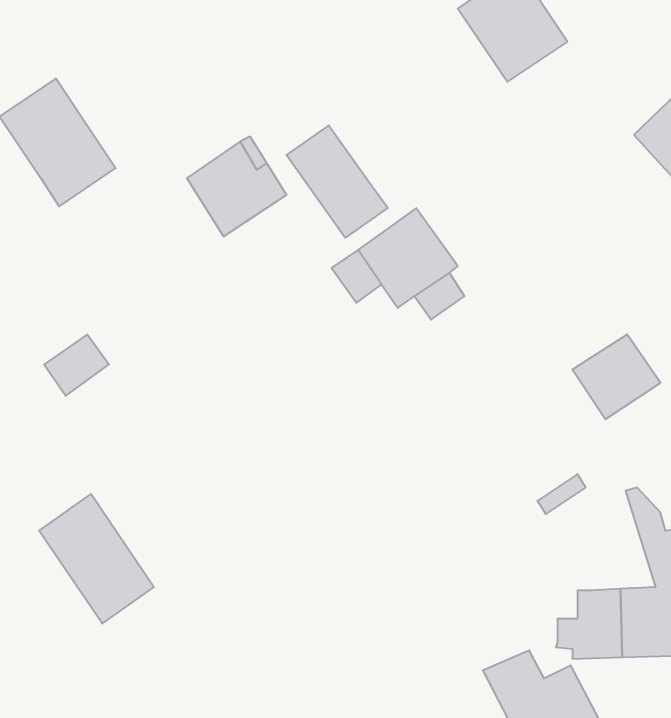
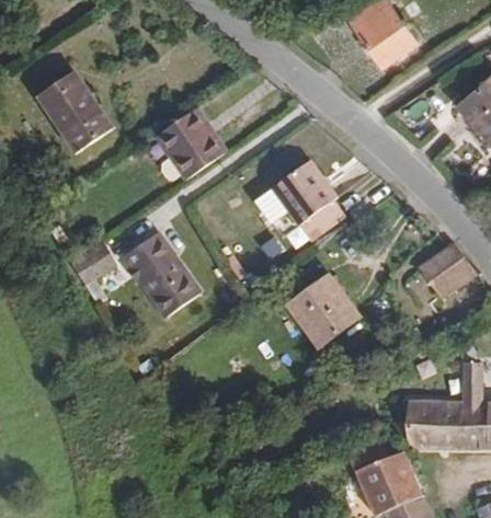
building: [286,125,388,238] -> none
building: none -> [294,279,365,349]
building: [39,494,154,624] -> [118,230,194,315]

